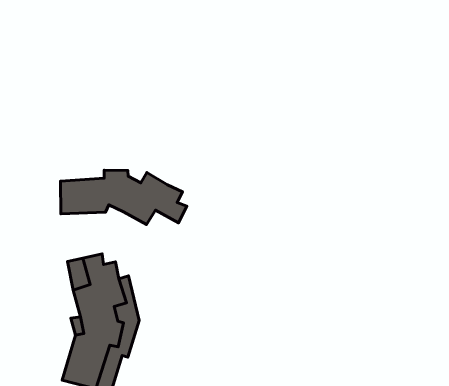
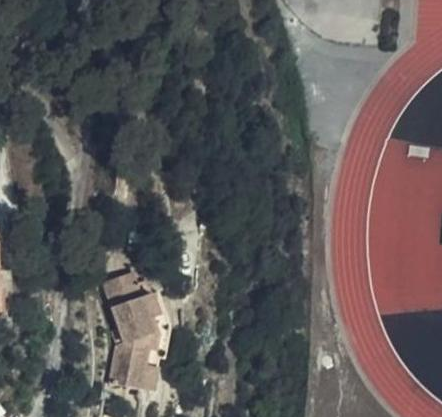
building: [61,170,187,224] -> none

